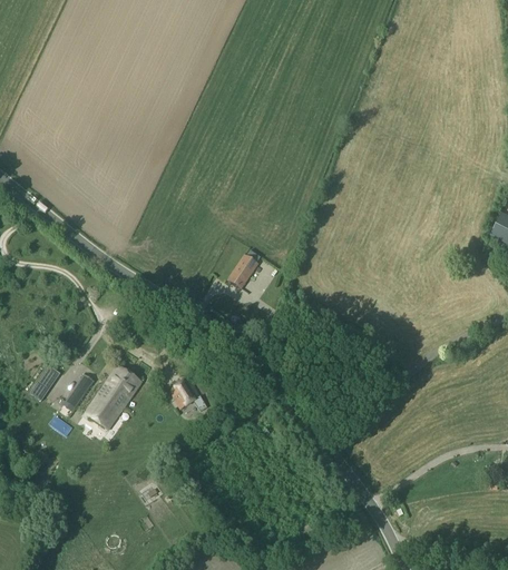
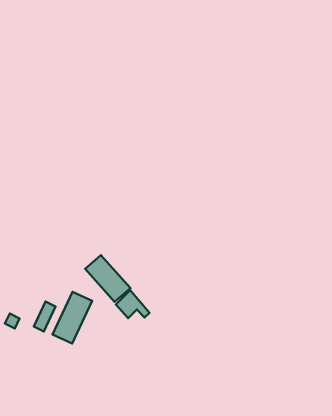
building: [226,254,260,289] -> none
building: none -> [85,255,130,302]

